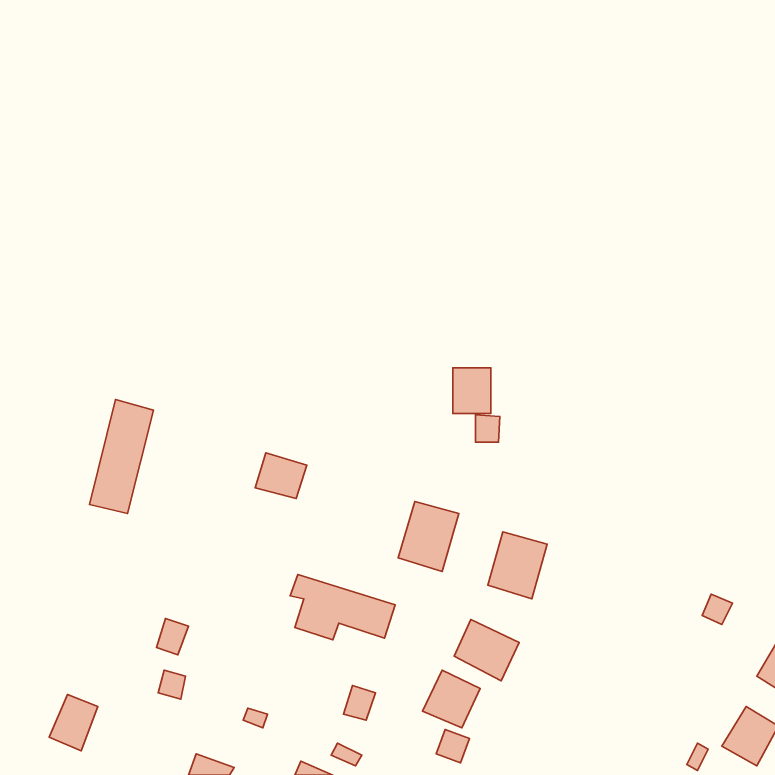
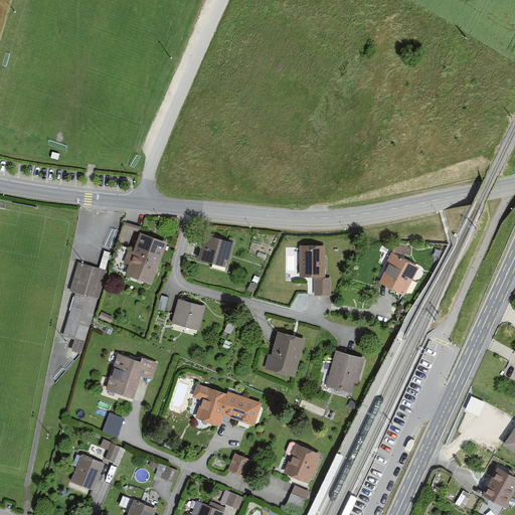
building: none -> [118,230,163,285]
building: none -> [192,236,232,270]
building: none -> [377,254,417,295]
building: none -> [106,356,157,399]
building: [454,619,519,681] -> none
building: [49,694,98,751] -> [70,454,103,491]

